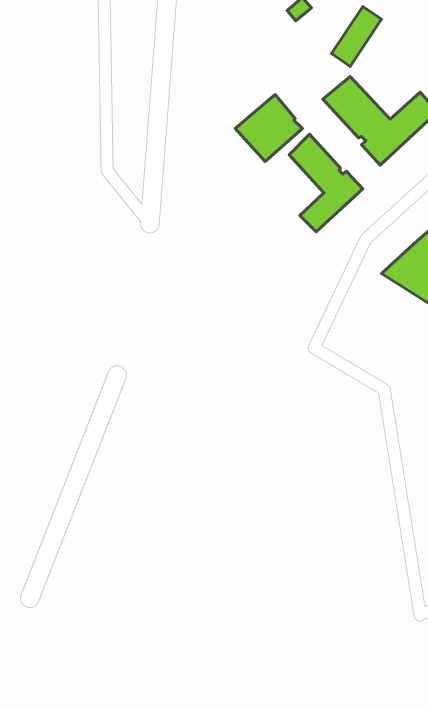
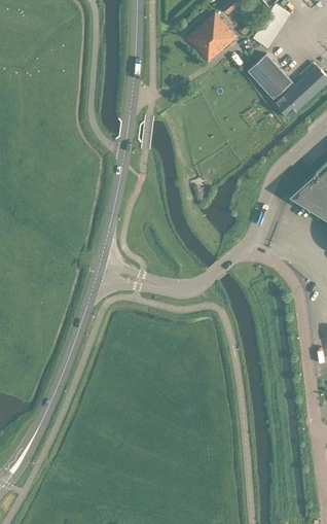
building: [235,94,302,162] -> [186,14,234,63]
building: [289,134,363,232] -> none

